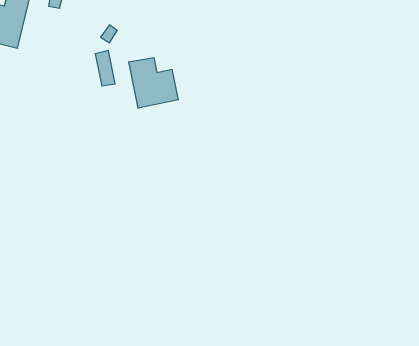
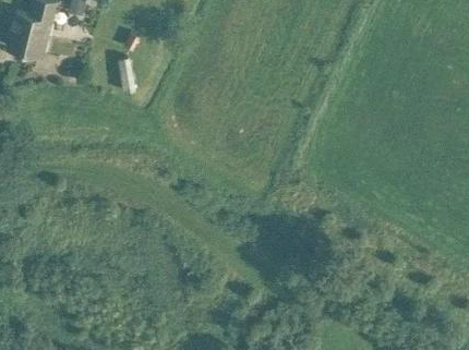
building: [129,58,178,108] -> none

